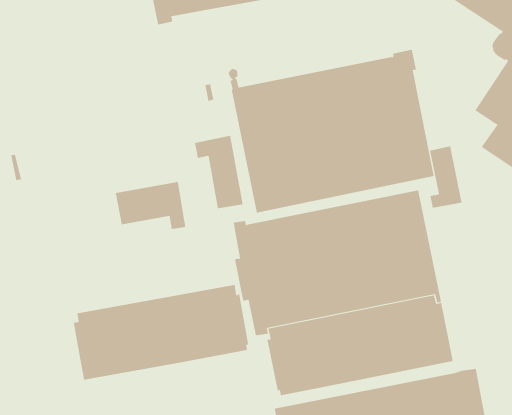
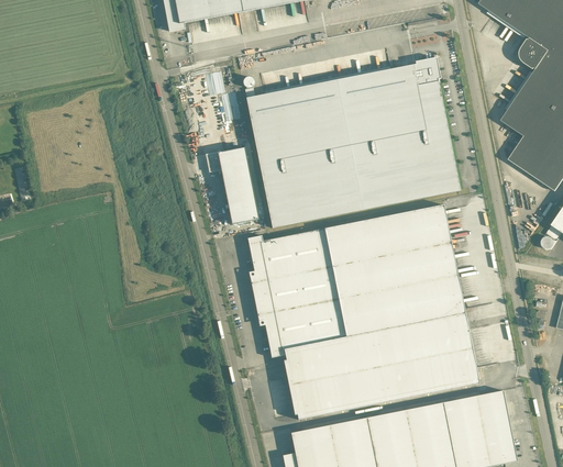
building: [429,145,462,209] -> none
building: [115,181,186,230] -> none
building: [73,284,249,380] -> none

